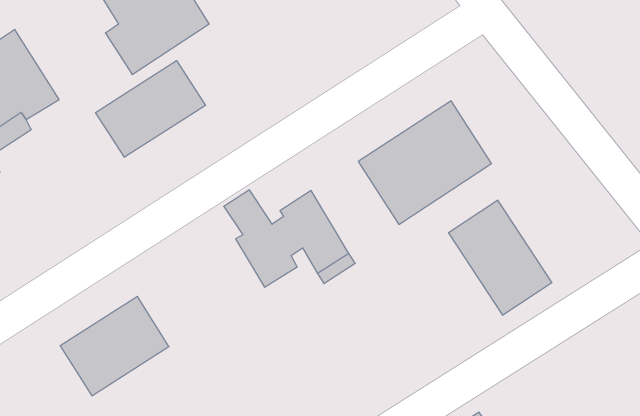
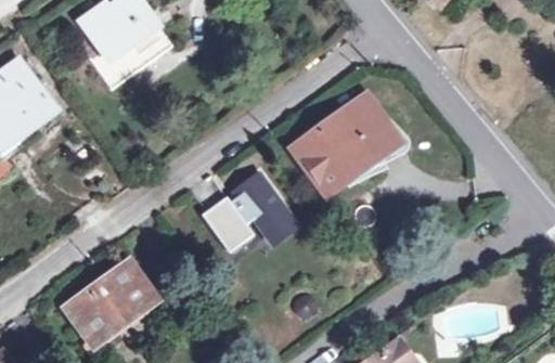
building: [96,61,206,157] -> none
building: [449,200,552,315] -> none

